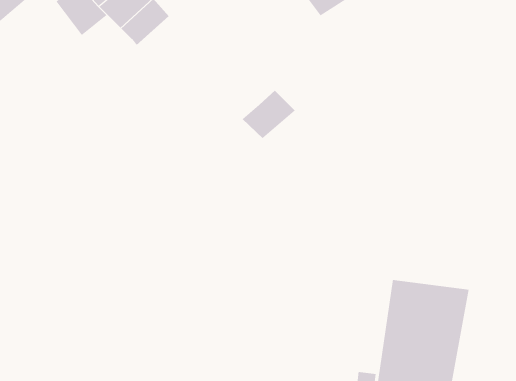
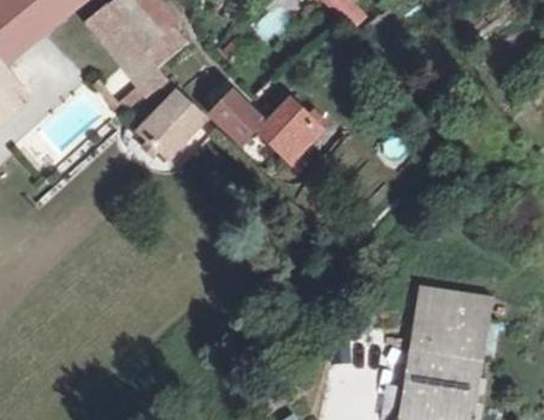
building: none -> [112,34,161,82]
building: none -> [132,76,209,150]
building: none -> [215,85,286,136]

